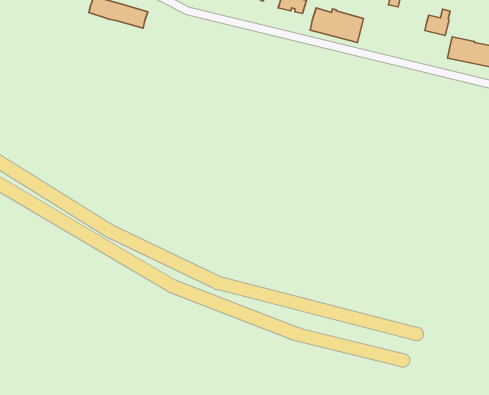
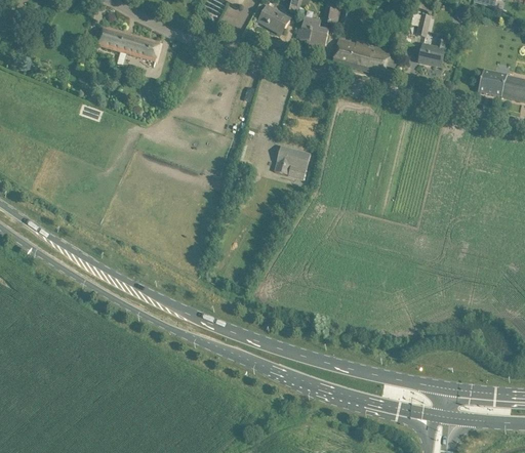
building: [425,9,450,35] -> [417,38,444,66]
building: none -> [273,146,309,173]

